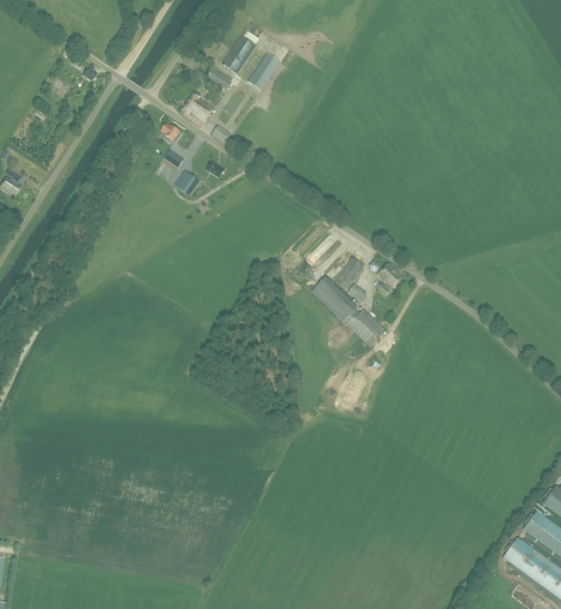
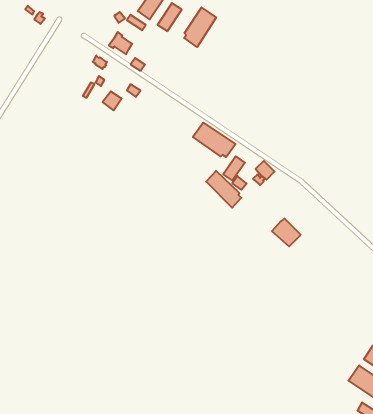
building: none -> [184,7,216,47]
building: none -> [193,123,236,157]
building: [347,309,386,346] -> [272,219,301,246]

